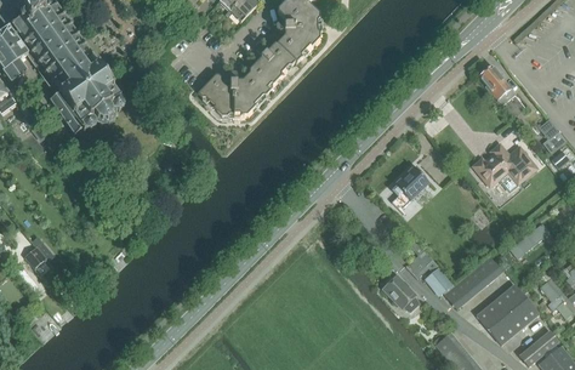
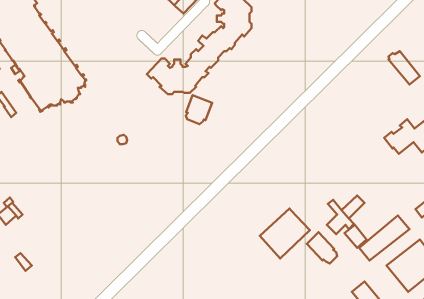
building: none -> [186,95,212,124]
building: [392,164,428,209] -> none
building: none -> [260,208,310,259]

